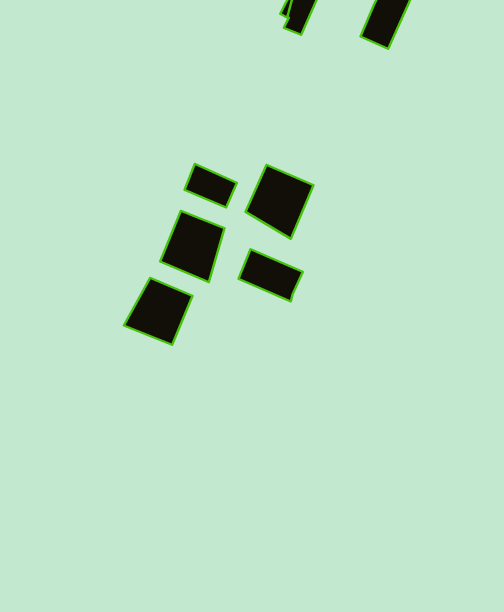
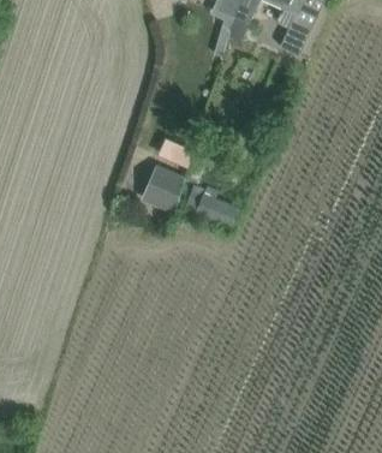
building: [245,165,313,239] -> none
building: [124,278,192,345] -> none

